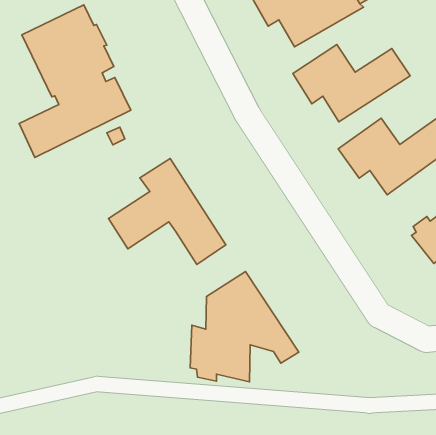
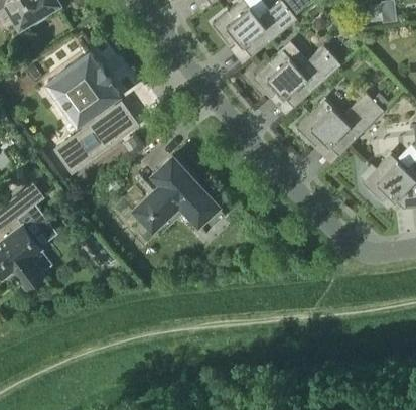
building: [190,271,299,382] -> none

